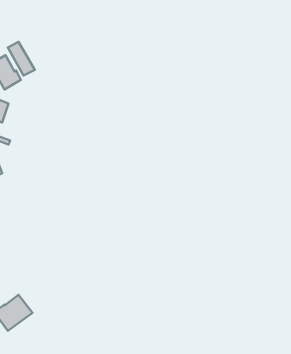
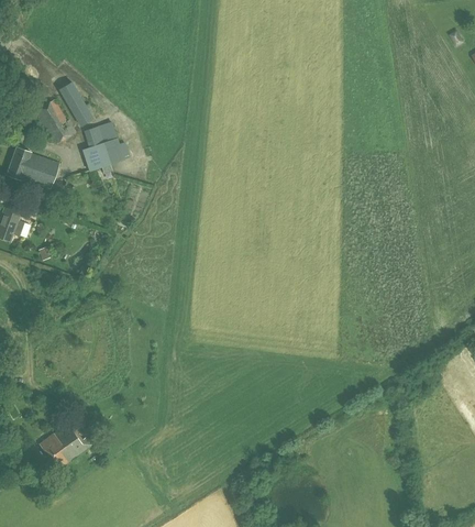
building: none -> [81,121,122,169]

